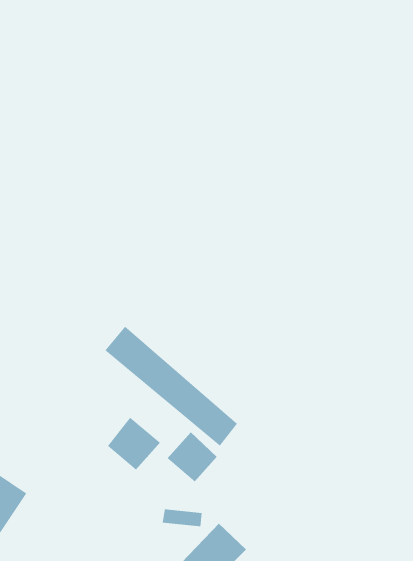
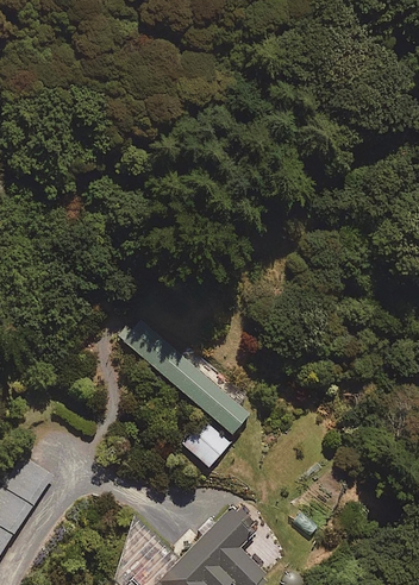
building: [107,417,161,471] -> none

